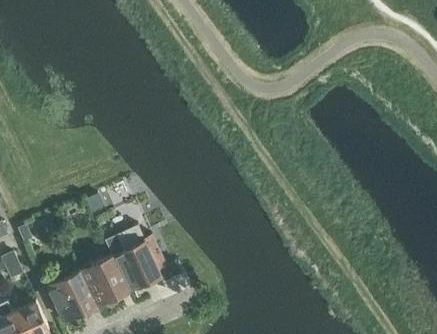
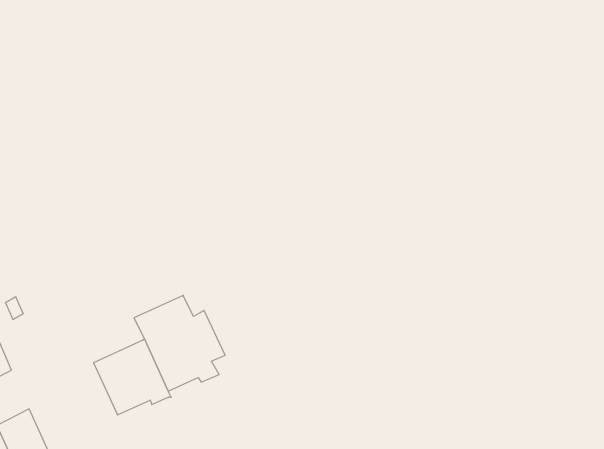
building: [45,272,96,322] -> none

